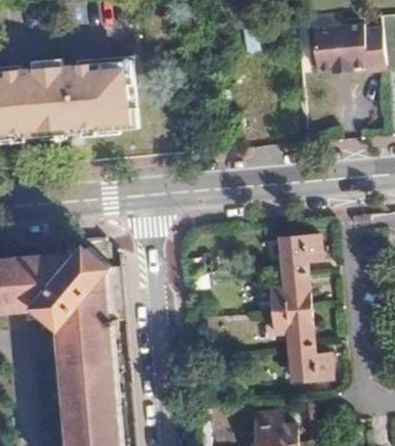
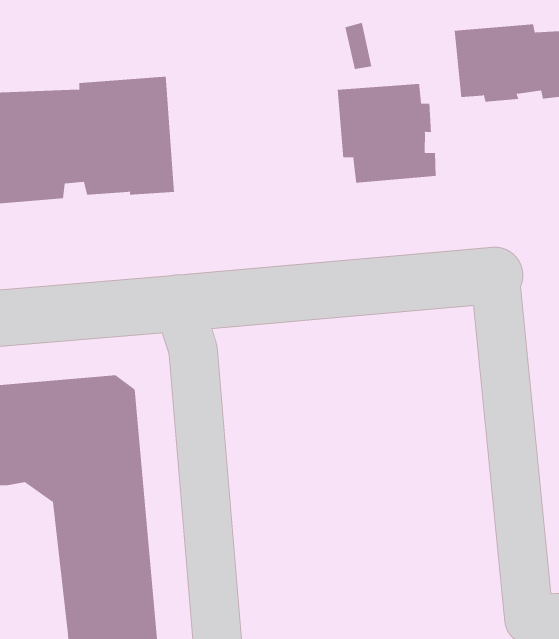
building: none -> [337,83,436,183]
building: [270,237,330,383] -> none

